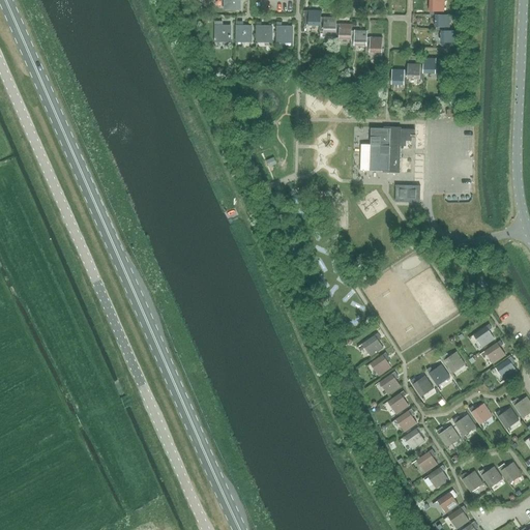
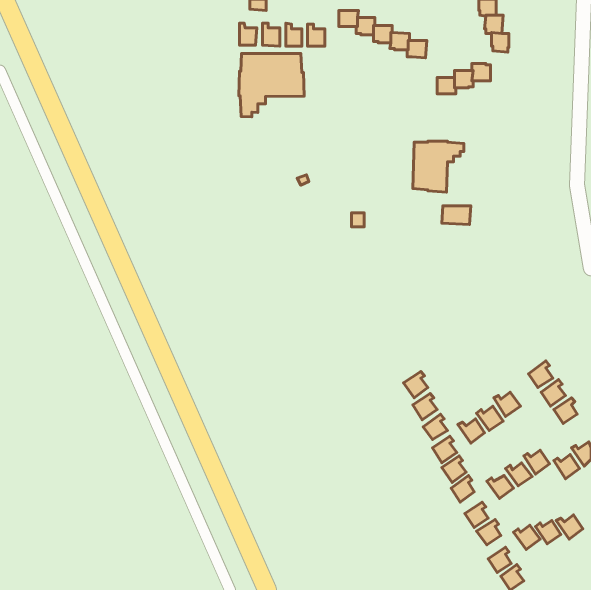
building: none -> [239,53,304,117]

